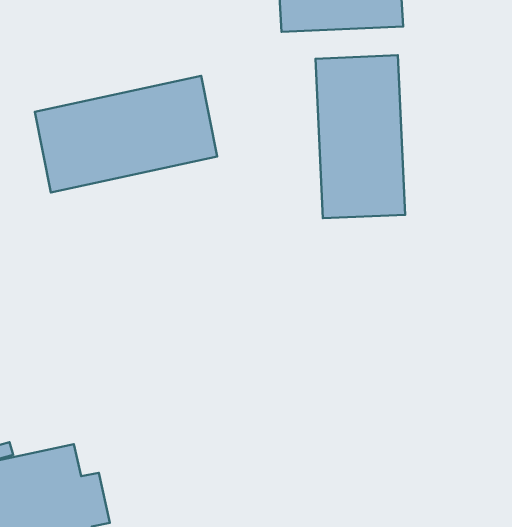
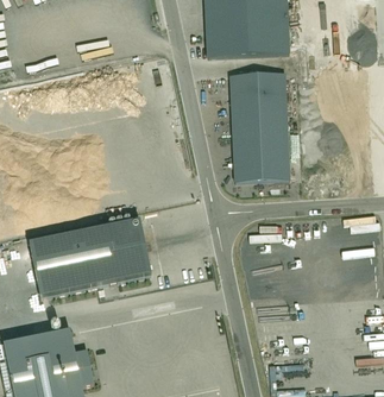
building: [35,76,217,192] -> [29,219,150,296]

